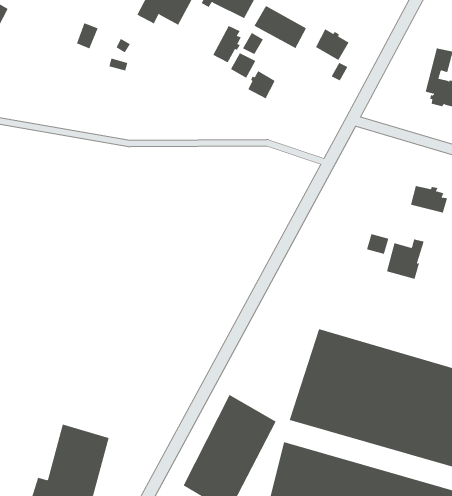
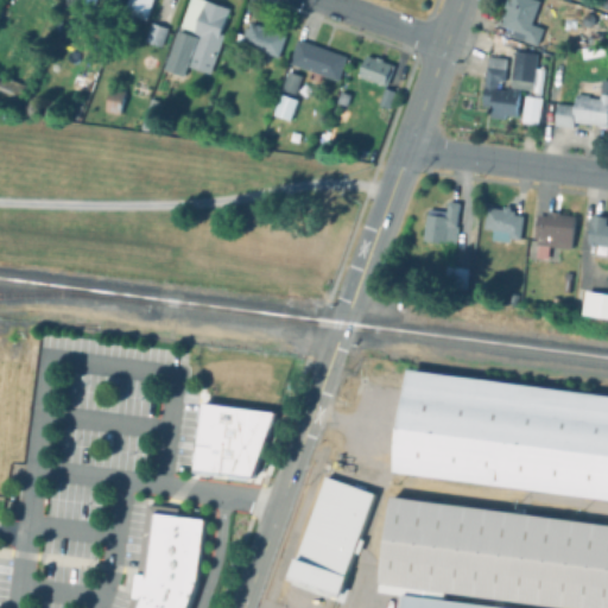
building: [212,25,241,63] -> none
building: [248,70,276,99] -> none
building: [386,239,424,279] -> [424,202,460,245]
building: none -> [194,403,276,476]

